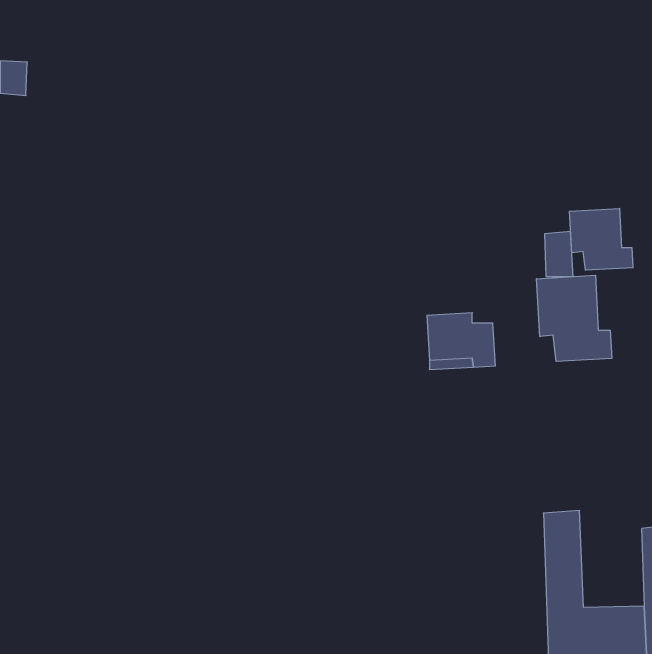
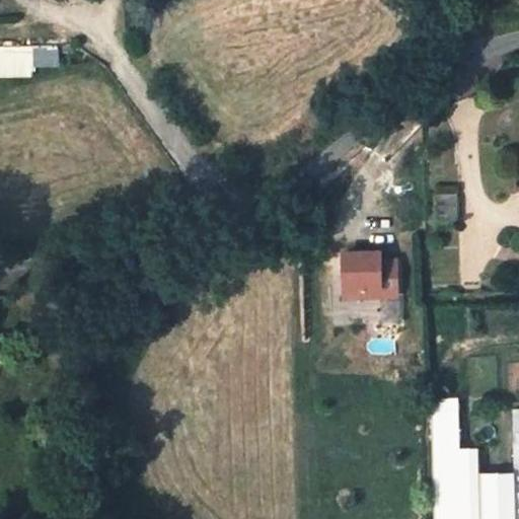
building: [569,208,633,270] -> none
building: [537,275,612,361] -> none

